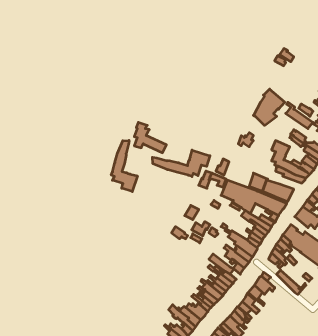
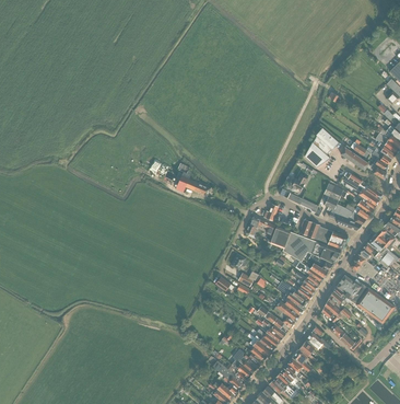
building: [111,140,137,192] -> none
building: [152,150,210,177] -> none

